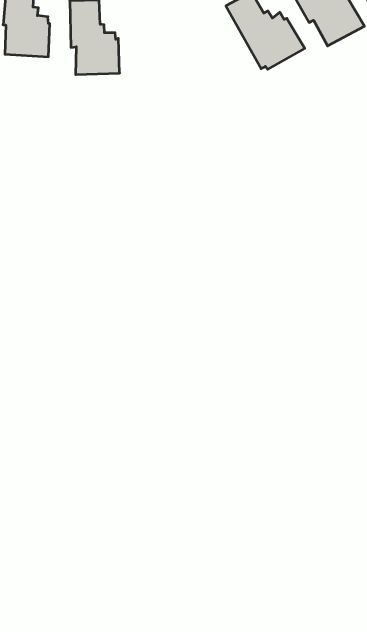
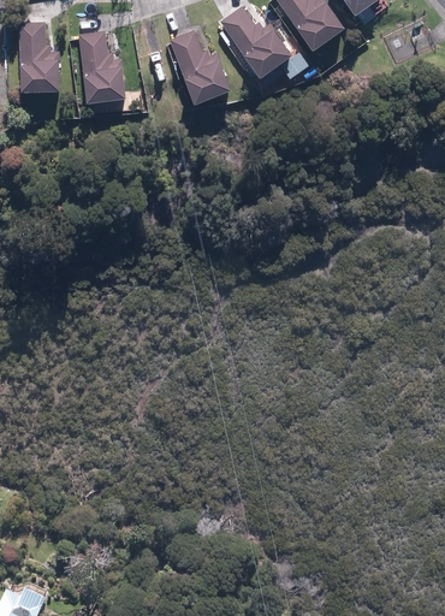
building: none -> [168,31,235,103]

